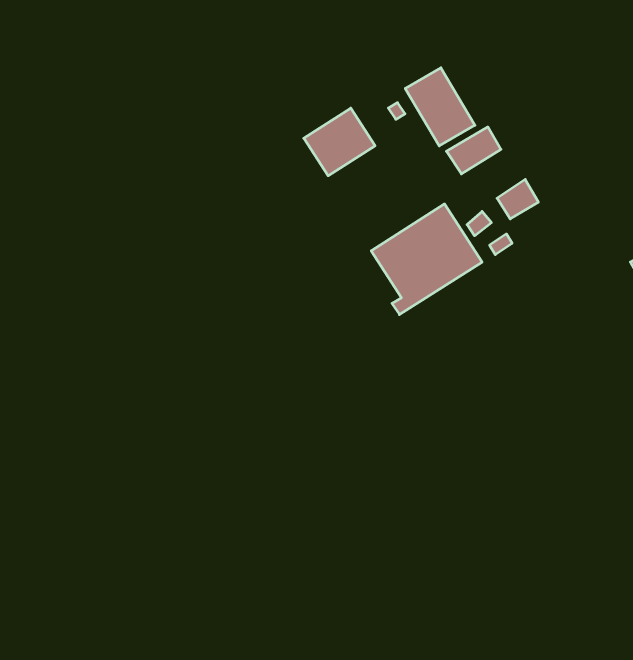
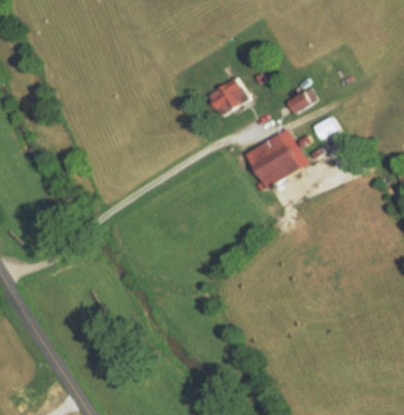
building: [405,68,475,146] -> none

